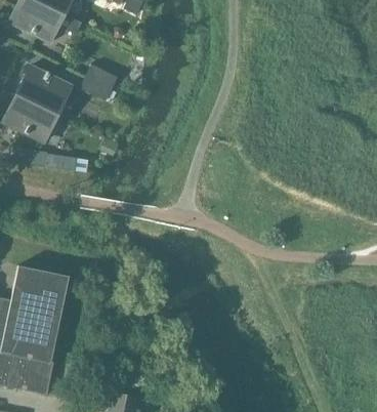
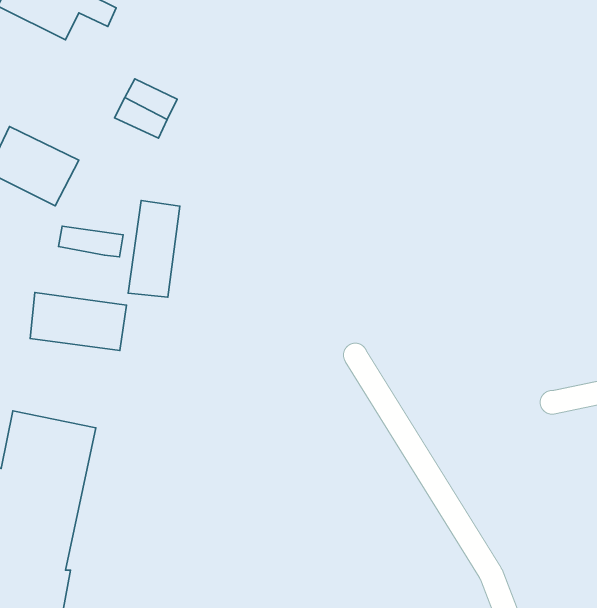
building: [15,67,71,115] -> none
building: none -> [128,200,180,297]
building: none -> [30,293,126,350]

